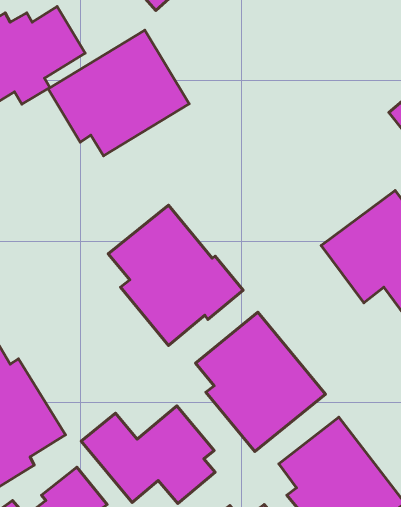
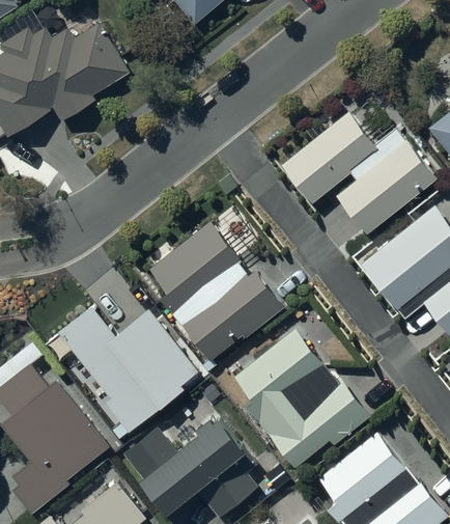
building: [48,30,189,156] -> none
building: none -> [281,115,433,233]
building: none -> [55,302,198,429]

